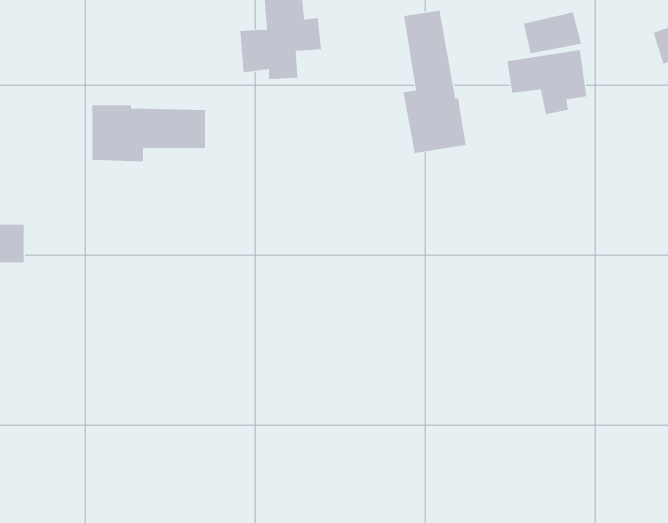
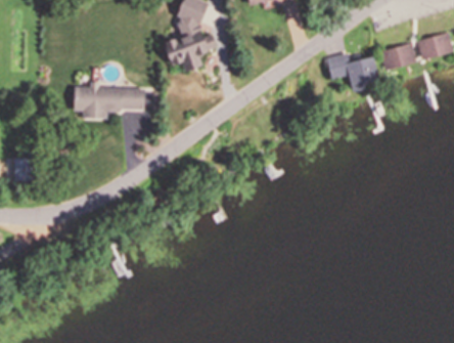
building: [403,10,466,154] -> none
building: [523,12,582,54] -> [380,43,416,69]

